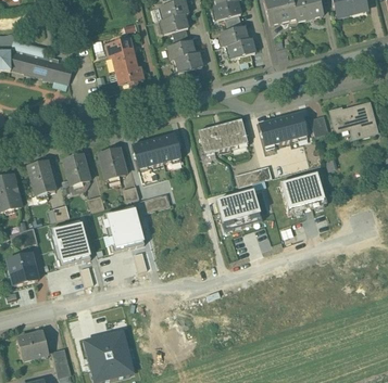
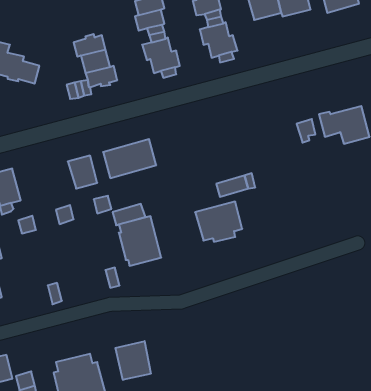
building: [258,112,308,146] -> none
building: [198,119,248,153] -> none
building: [63,155,90,186] -> none
building: [280,173,327,214] -> none
building: [104,206,143,252] -> [119,216,161,266]
building: [52,221,91,266] -> none
building: none -> [115,341,151,380]

